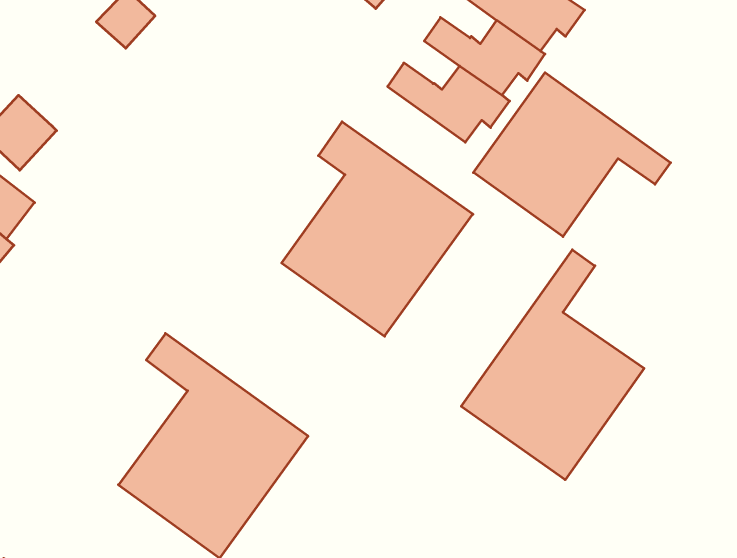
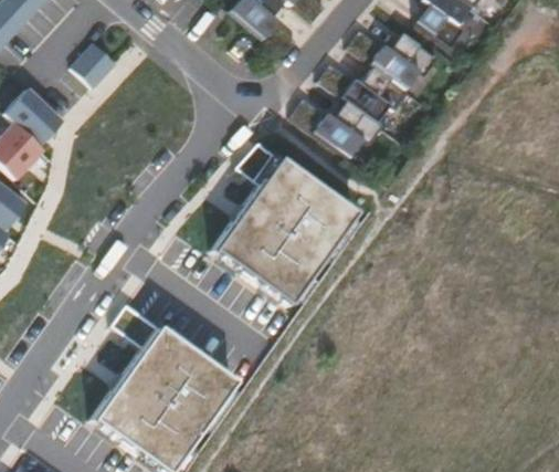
building: none -> [8,90,65,146]
building: [473,73,671,237] -> none
building: [461,250,644,480] -> none

